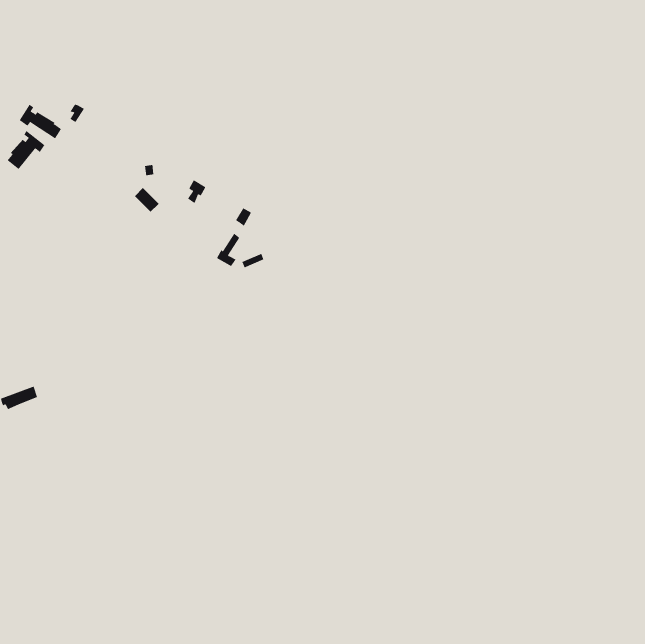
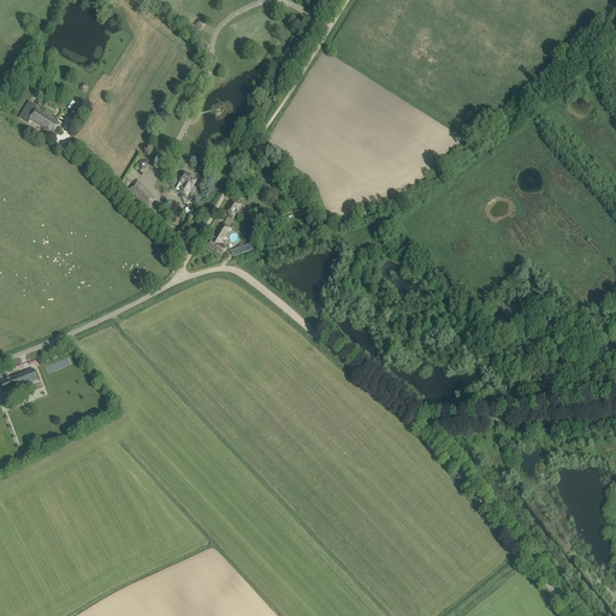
building: [7,130,45,170] -> none

